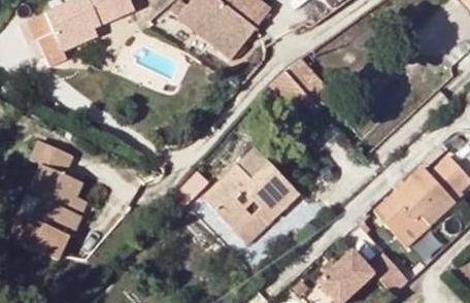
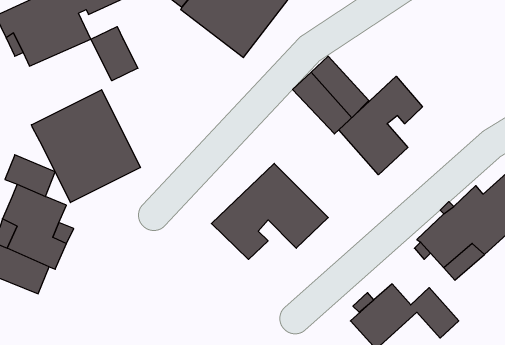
building: none -> [91,27,138,81]
building: none -> [339,76,422,175]
building: none -> [31,90,140,203]
building: [233,195,271,242] -> none

